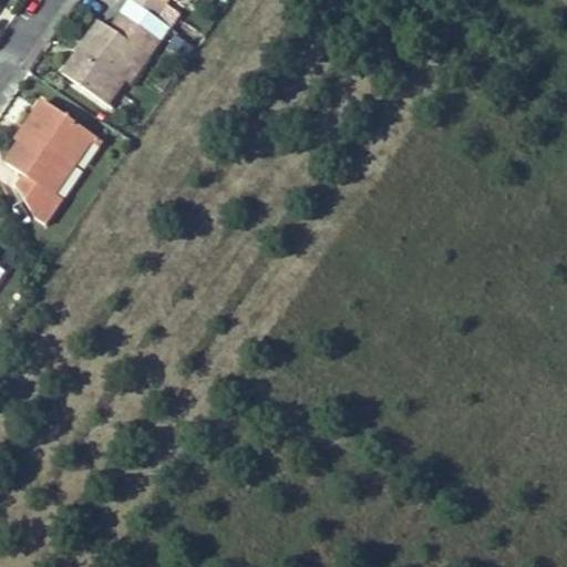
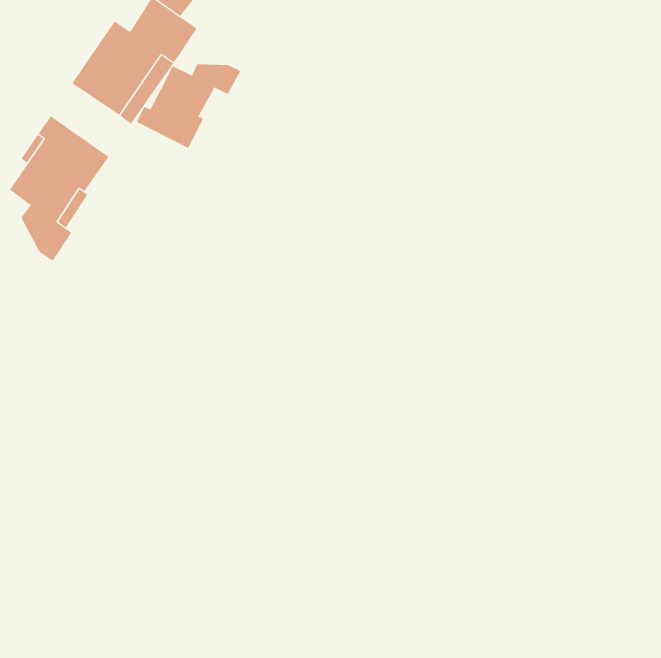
building: none -> [136,64,240,149]

